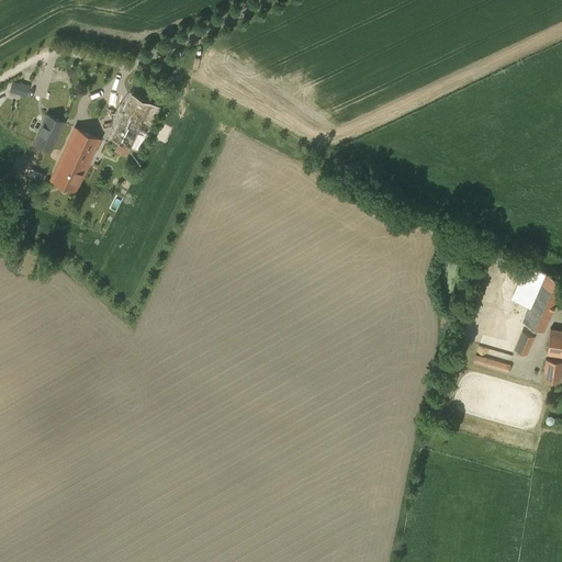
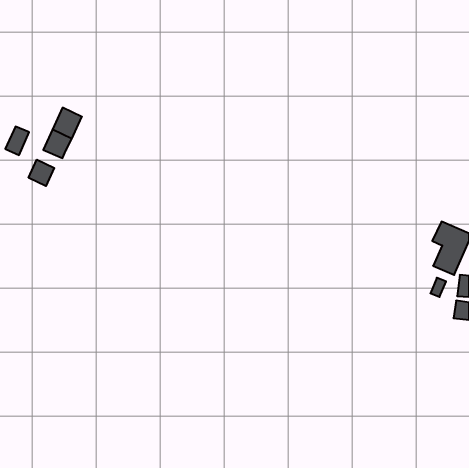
building: [112,97,158,151] -> none
building: [34,117,63,151] -> [5,127,29,155]
building: none -> [29,160,54,186]

